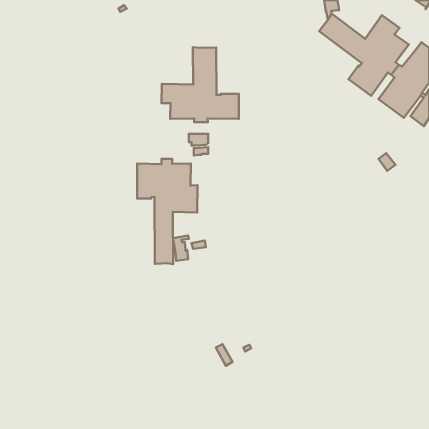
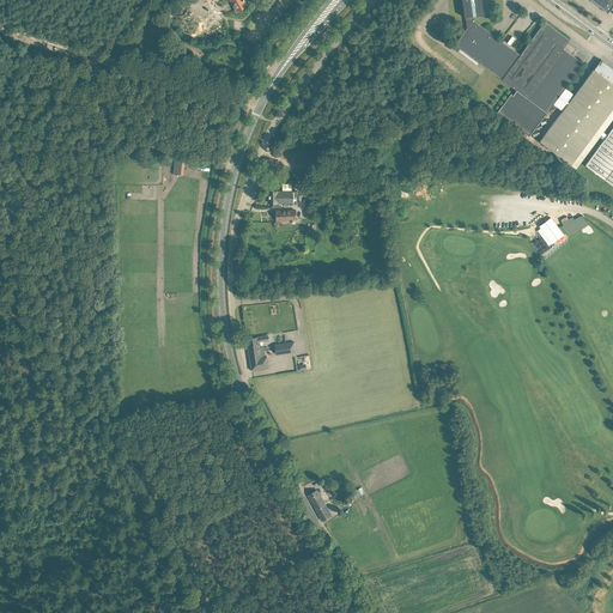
building: [162,47,239,122] -> none
building: [137,159,198,264] -> none

